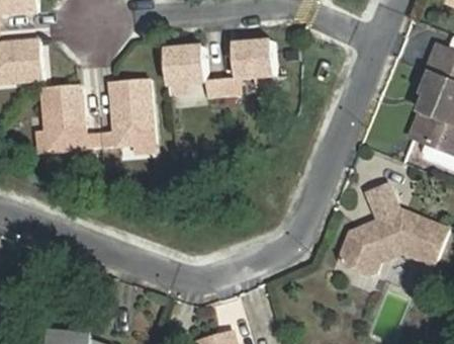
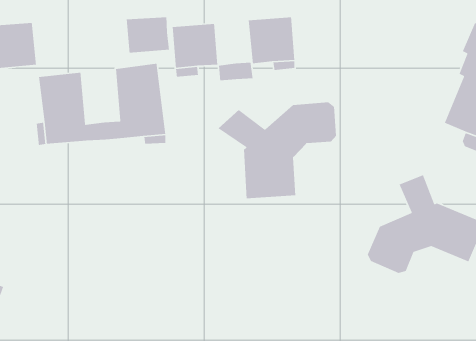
building: none -> [126,16,170,53]
building: none -> [218,102,337,199]

